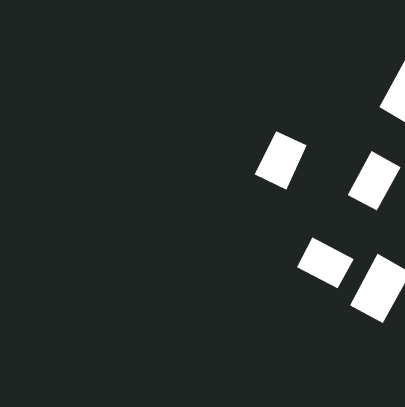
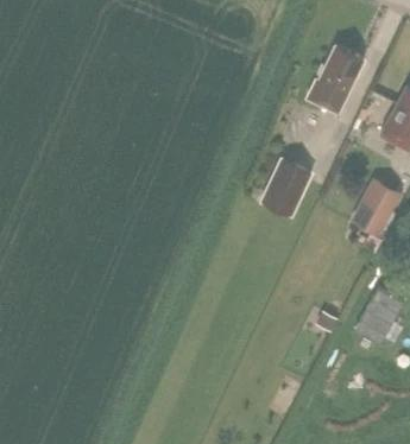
building: none -> [308,44,365,122]
building: [296,236,354,289] -> none

